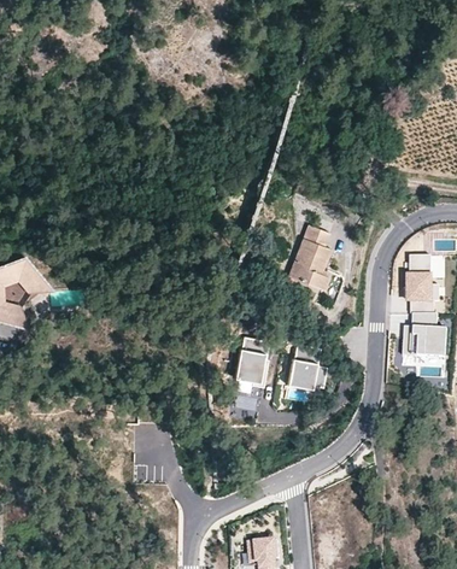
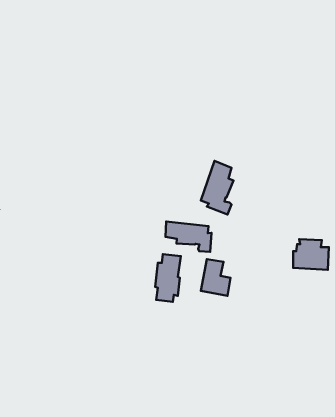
building: [410,257,439,321] -> none
building: none -> [166,221,212,252]

